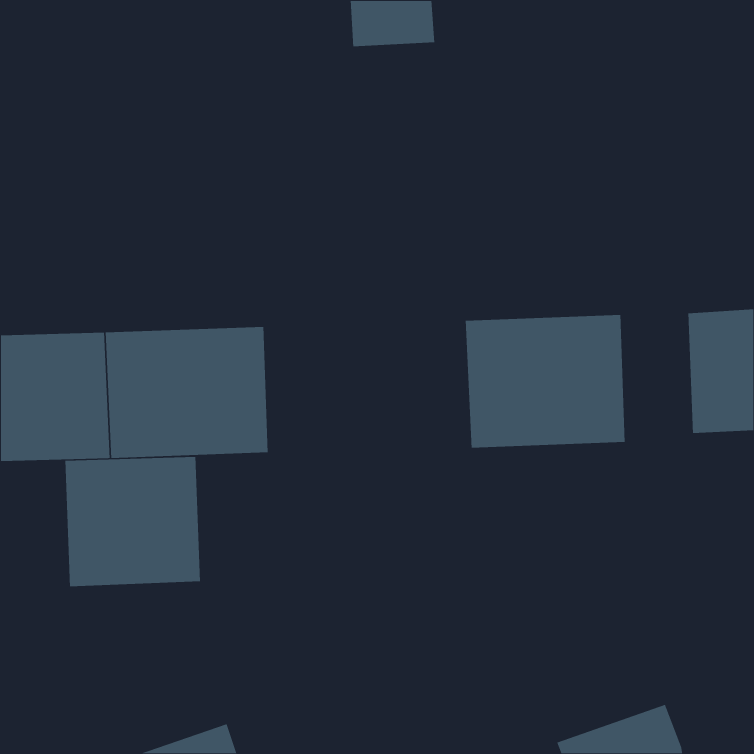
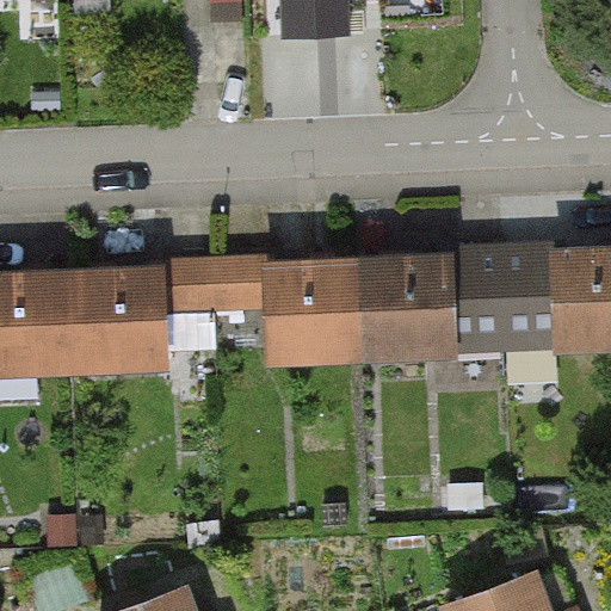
building: none -> [270,259,381,366]
building: [64,456,201,587] -> none

